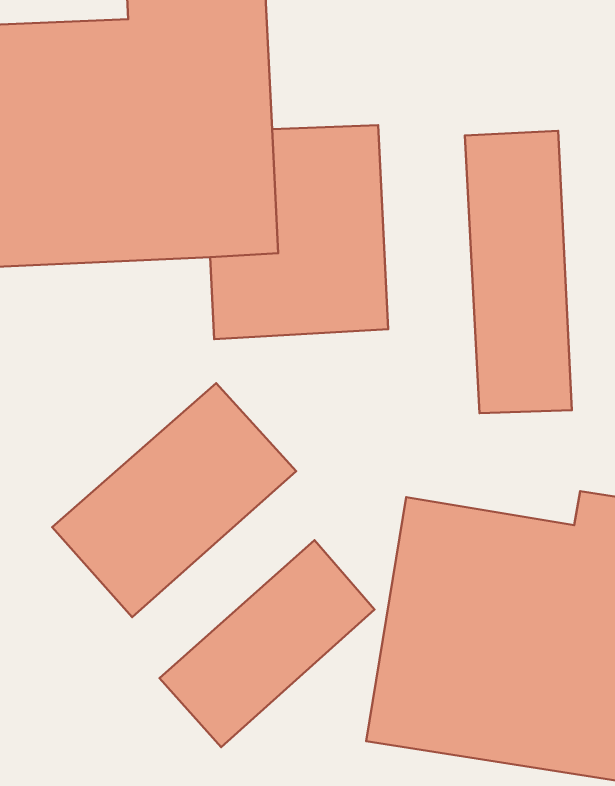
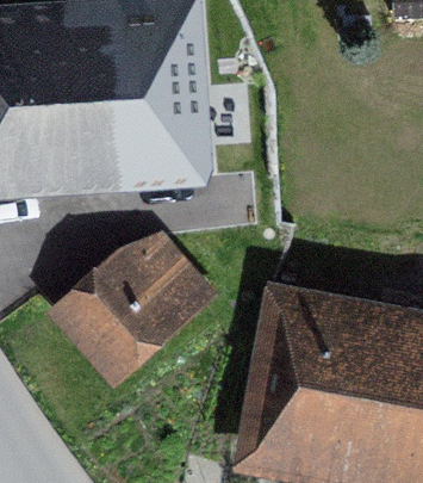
building: [465,131,572,413] -> none
building: [160,540,374,747] -> none

